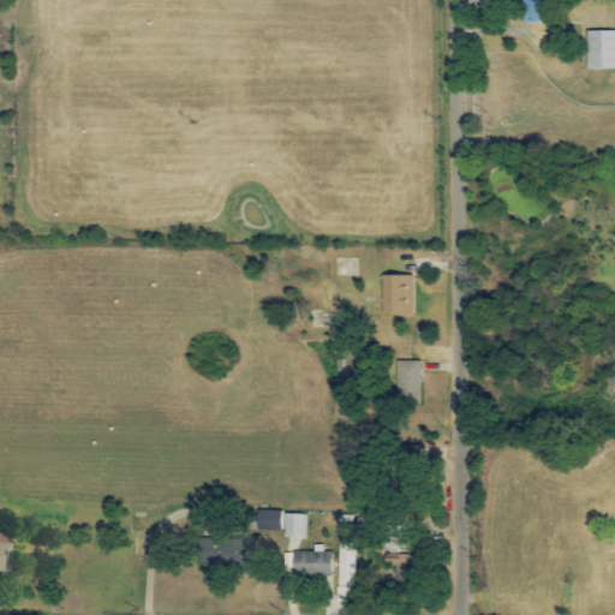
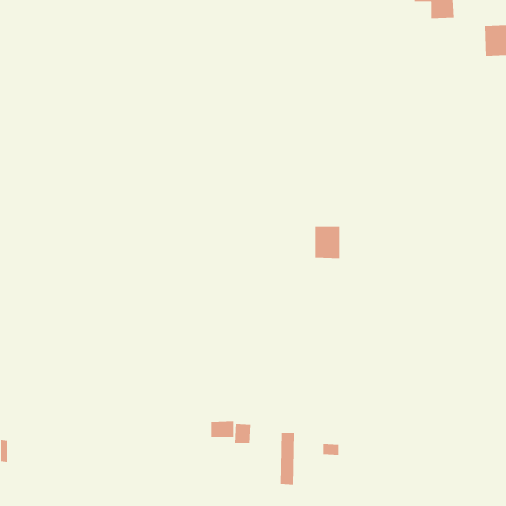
building: [395,360,422,404] -> none
building: [199,541,240,565] -> none
building: [293,544,334,578] -> none

